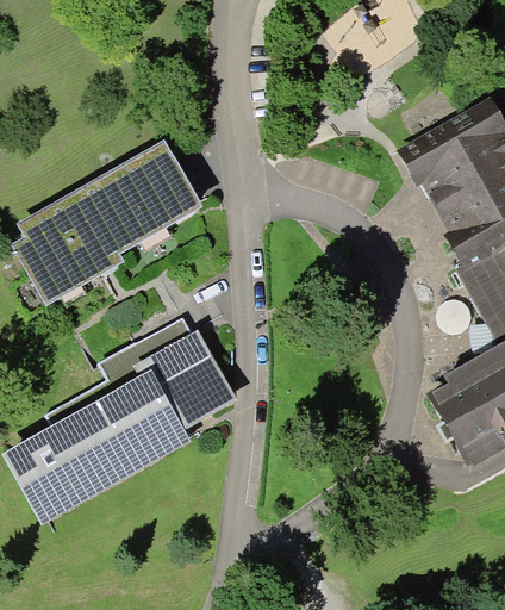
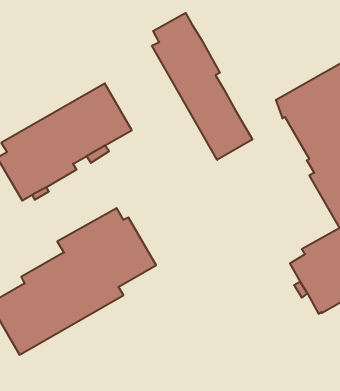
building: none -> [152,13,252,160]

